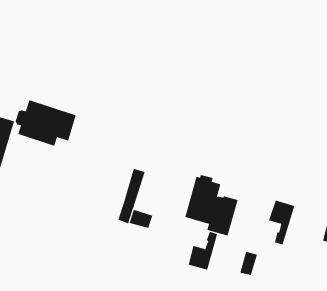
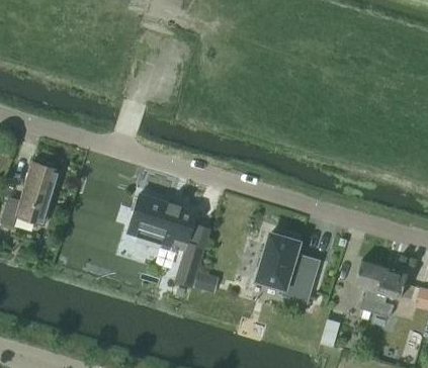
building: [15,99,77,147] -> [124,194,196,249]
building: none -> [370,268,407,319]
building: [188,231,218,271] -> none

